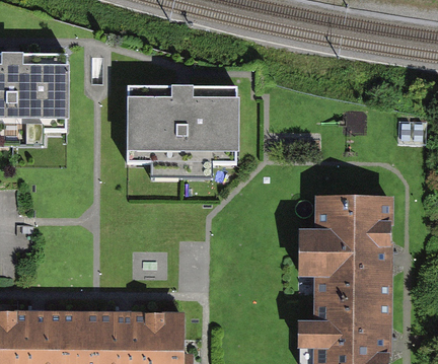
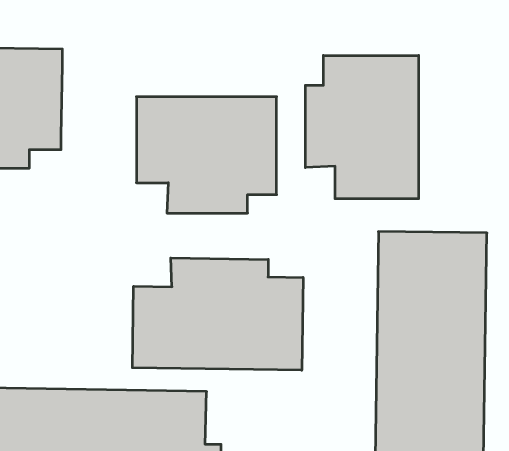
building: none -> [305,55,419,199]
building: none -> [132,258,303,370]

